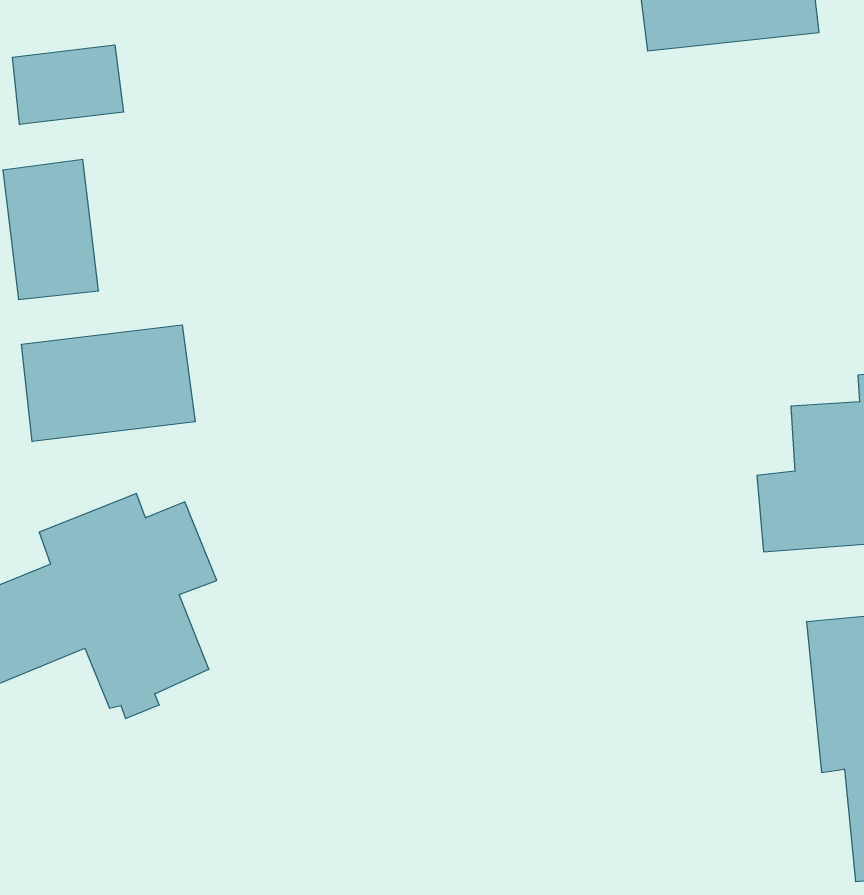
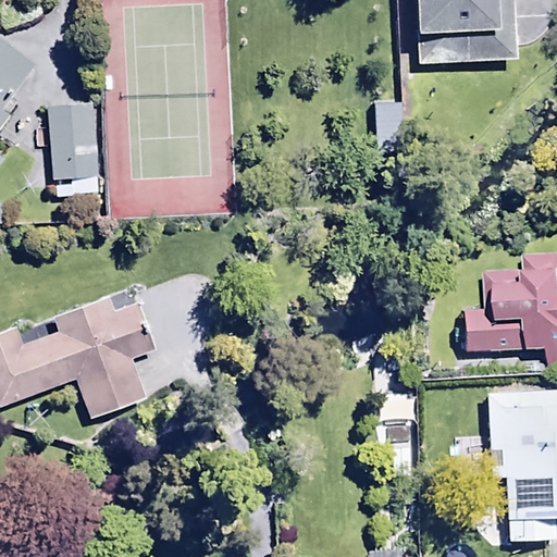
building: [12,45,124,125] -> none
building: [22,325,195,442] -> none

